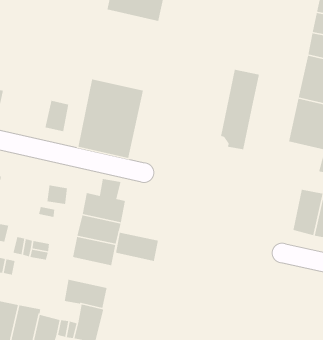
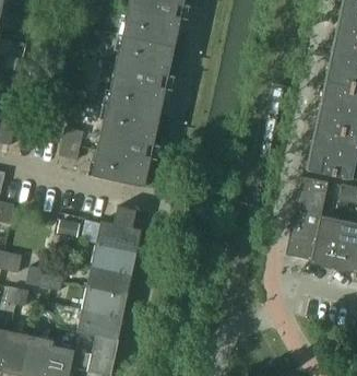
building: none -> [106,35,175,117]
building: [220,69,260,150] -> [287,177,328,260]
building: [115,232,159,262] -> [82,287,127,318]

